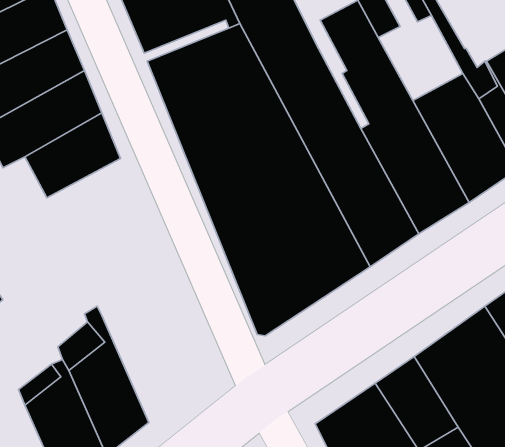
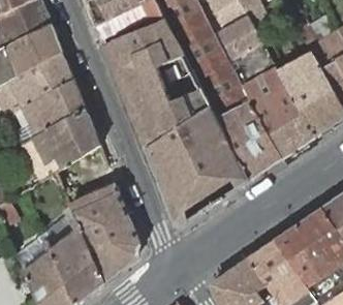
building: none -> [22,109,99,181]
building: none -> [68,181,139,282]

